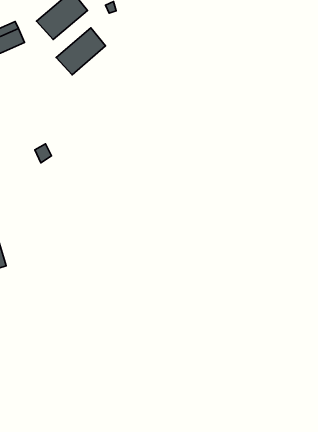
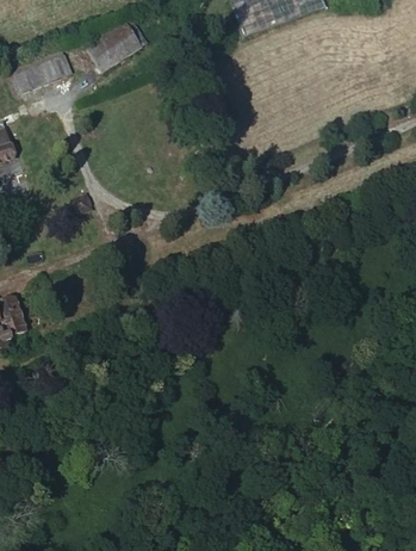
building: [56,28,105,75] -> none

